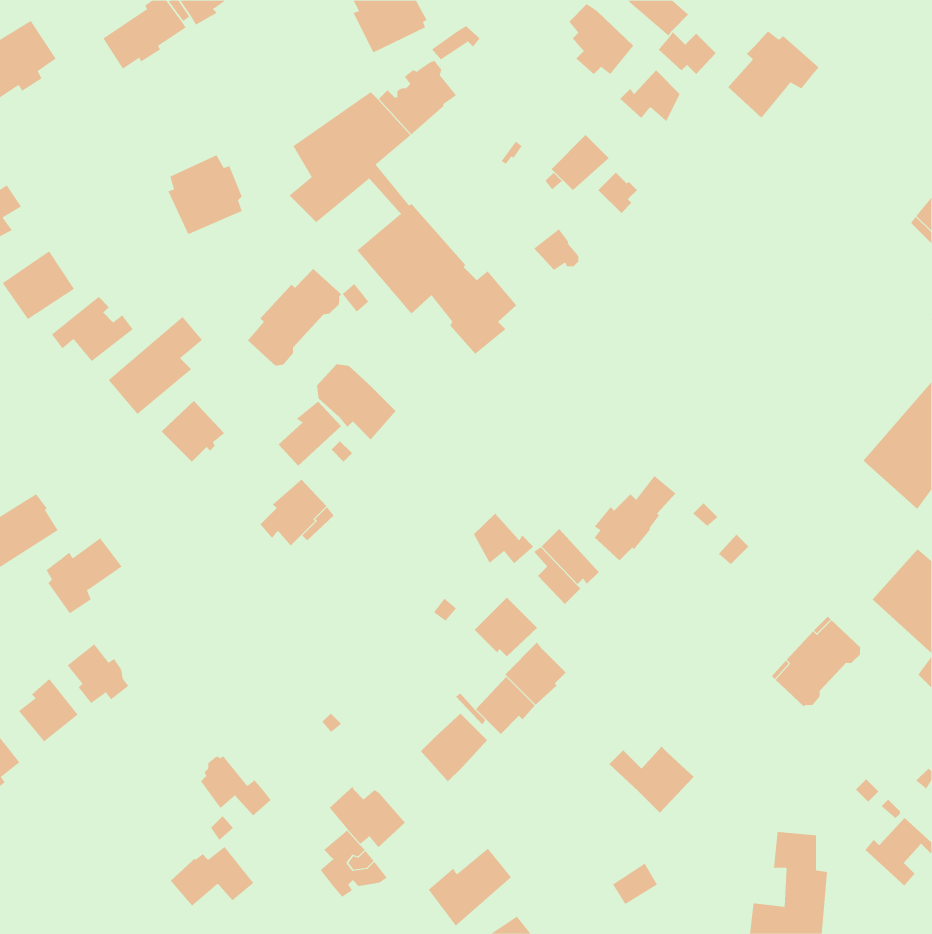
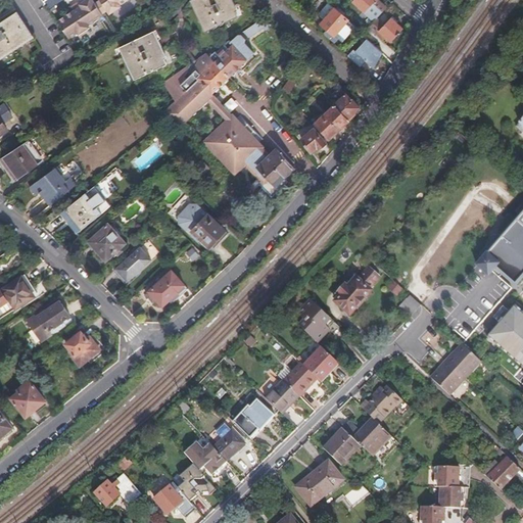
building: [727,31,819,118] -> none
building: [551,134,609,191] -> [315,106,347,138]
building: [168,155,243,235] -> [124,34,165,79]
building: [247,268,342,367] -> none
building: [278,401,342,466] -> [116,242,152,279]
building: [472,513,534,564] -> none
building: [474,597,538,657] -> [303,344,339,378]
building: [67,644,129,704] -> [64,331,99,365]
building: none -> [355,384,395,421]
building: [200,756,271,816] -> [155,482,195,516]
building: none -> [212,426,245,460]
building: none -> [322,427,356,463]
building: [428,848,512,926] -> [295,462,342,506]

